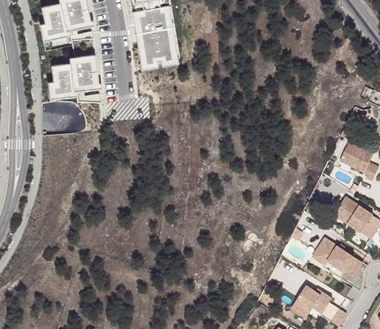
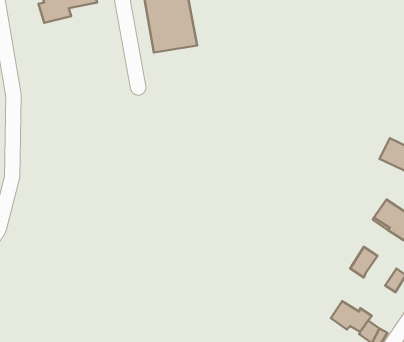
building: [47,53,100,100] -> none
building: [327,247,354,273] -> none

